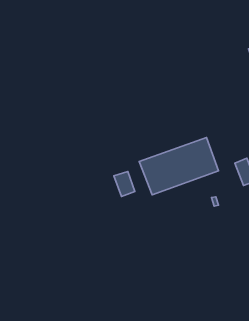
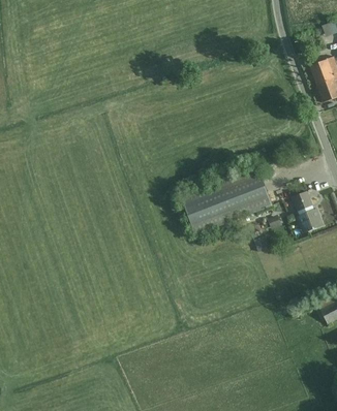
building: [114,171,135,196] -> none

